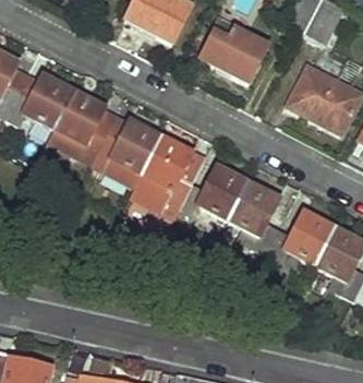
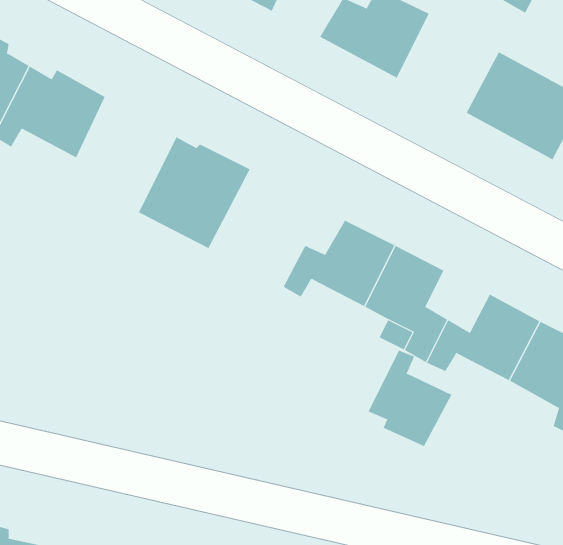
building: [48,93,114,163] -> none
building: [131,136,204,215] -> none
building: none -> [368,350,452,447]

